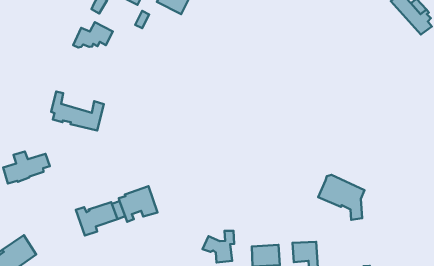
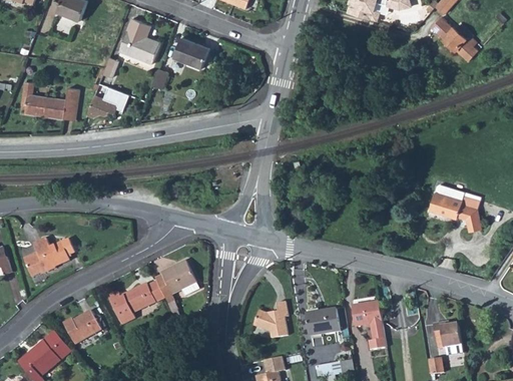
building: [51,92,104,131] -> [21,81,78,119]
building: [318,175,364,220] -> [430,183,481,231]
building: none -> [63,309,102,343]

